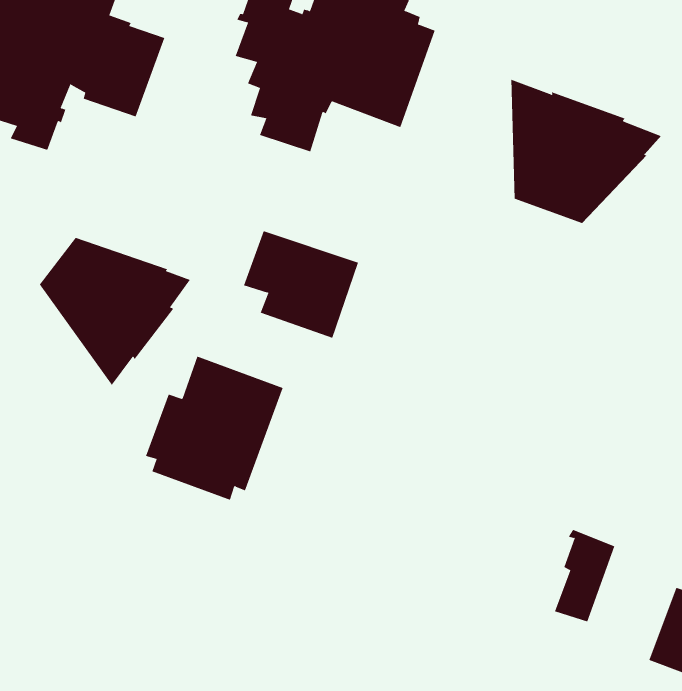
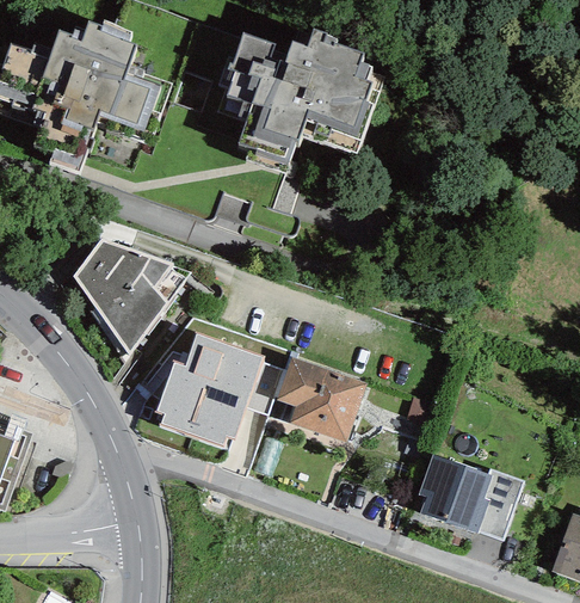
building: [511,79,662,224] -> none
building: [243,231,359,339] -> [274,357,365,442]
building: none -> [415,454,490,533]

